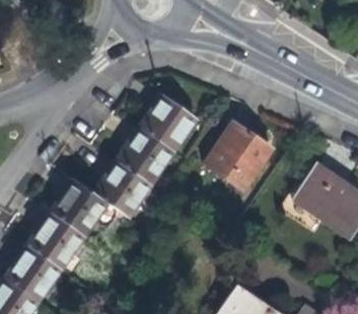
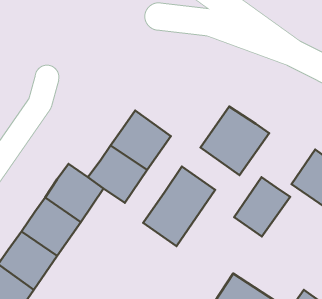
building: [140,94,198,151] -> none
building: none -> [143,166,215,246]
building: none -> [234,177,290,237]

